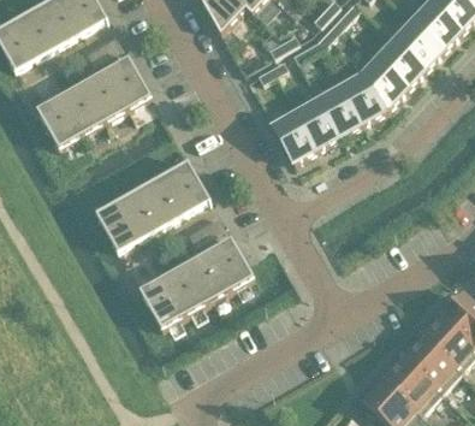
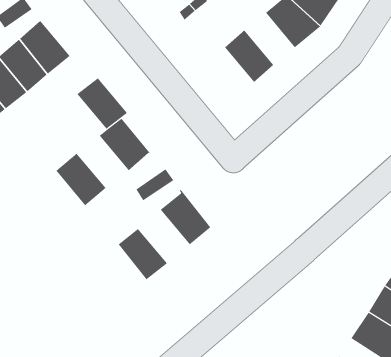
building: [315,85,358,135] -> none
building: [272,111,315,160] -> none
building: [141,172,185,221] -> [76,77,128,130]
building: [95,197,139,248] -> none
building: [185,250,230,301] -> none
building: [139,276,184,327] -> none

